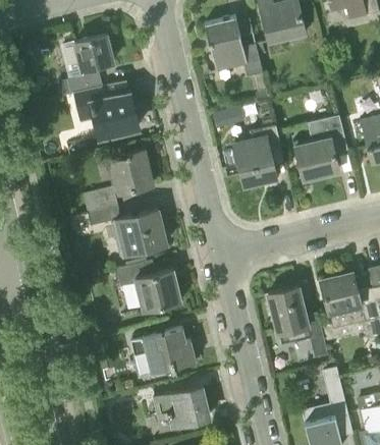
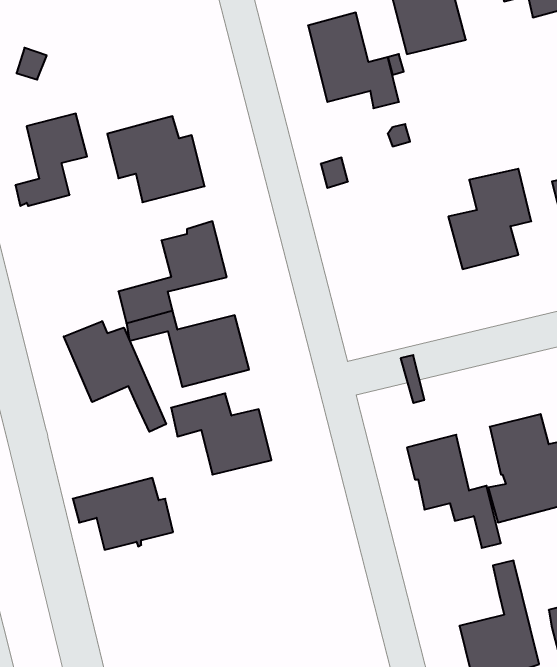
building: [67,36,113,95] -> [15,114,87,206]
building: [235,126,278,187] -> none
building: none -> [64,321,166,432]
building: [130,328,195,374] -> [73,478,173,550]
building: [154,387,208,430] -> none

